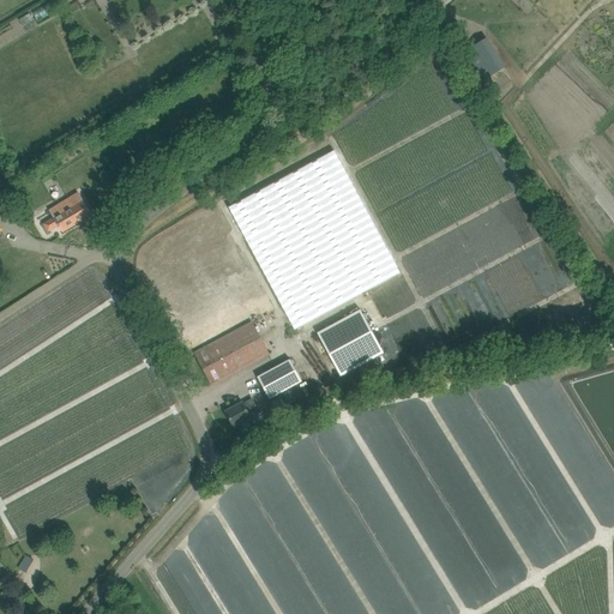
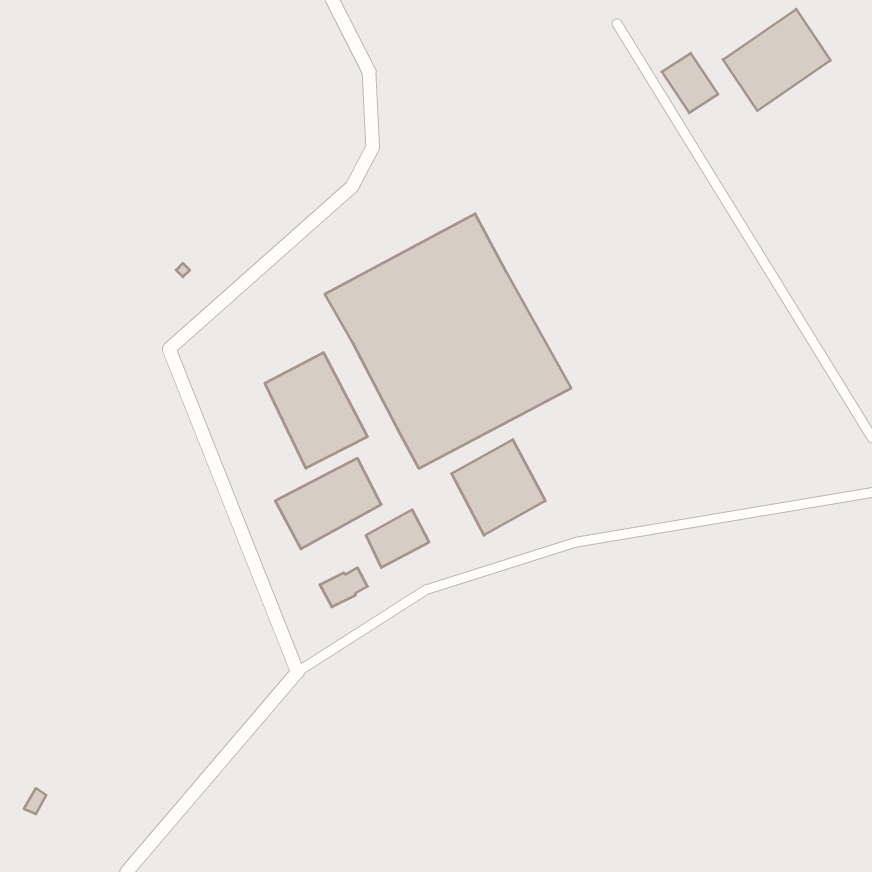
building: none -> [723,9,830,111]
building: [48,193,90,231] -> none
building: none -> [265,353,367,468]

